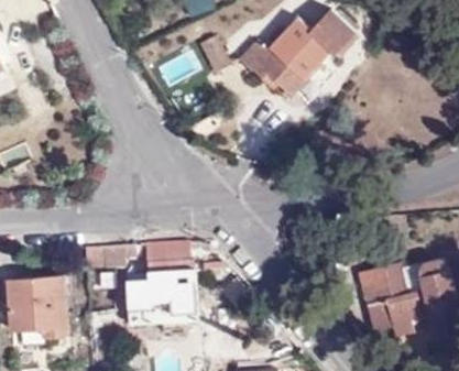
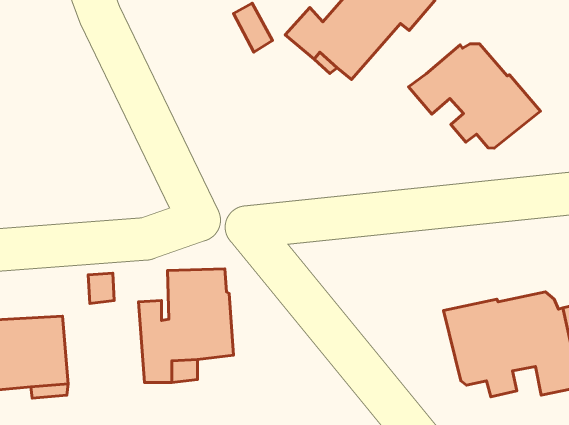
building: none -> [409,44,540,148]

